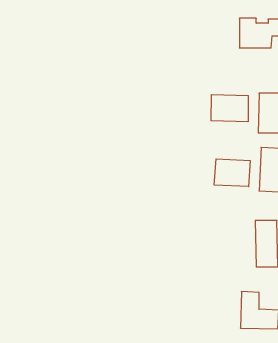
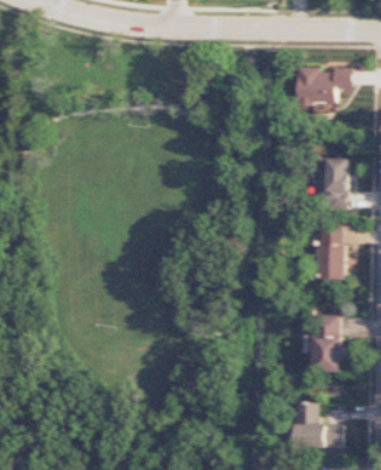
building: [211,95,248,122] -> none
building: [214,159,250,187] -> none

